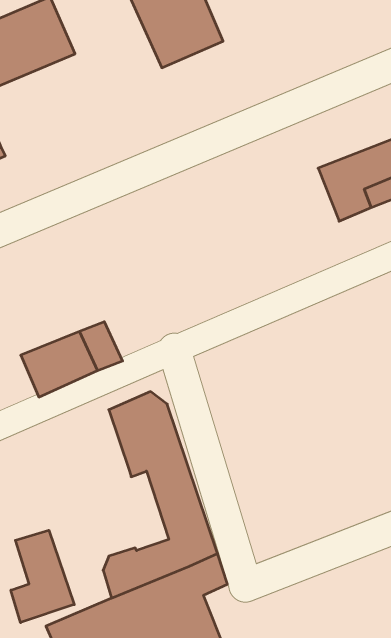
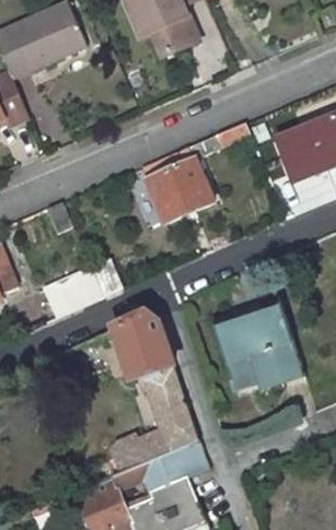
building: none -> [142,122,251,223]
building: none -> [215,304,301,382]
building: [11,530,74,623] -> none

